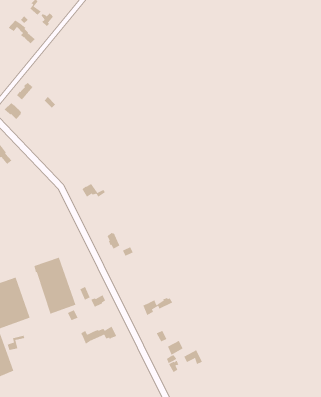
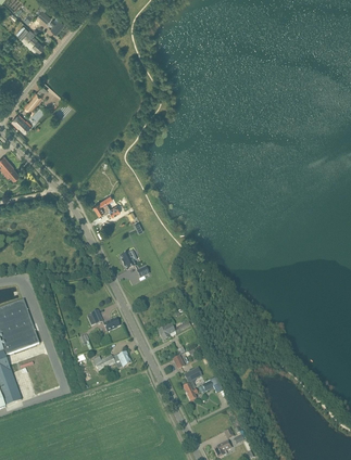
building: [34,257,76,315] -> none

